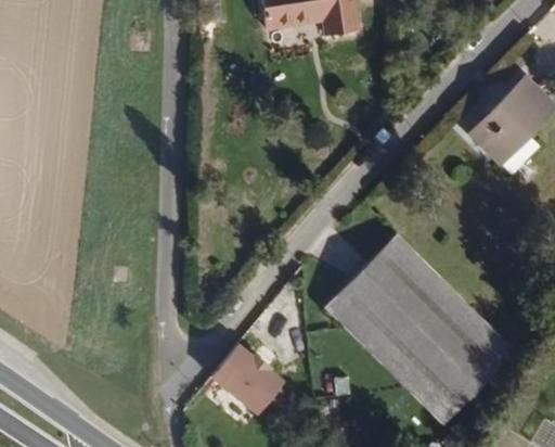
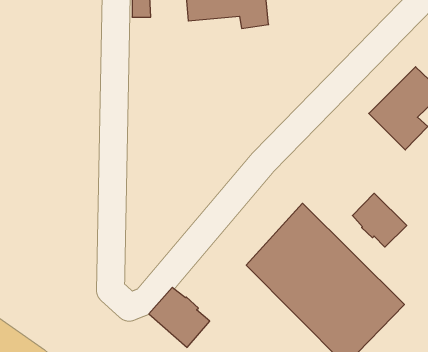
building: none -> [352,193,407,247]

